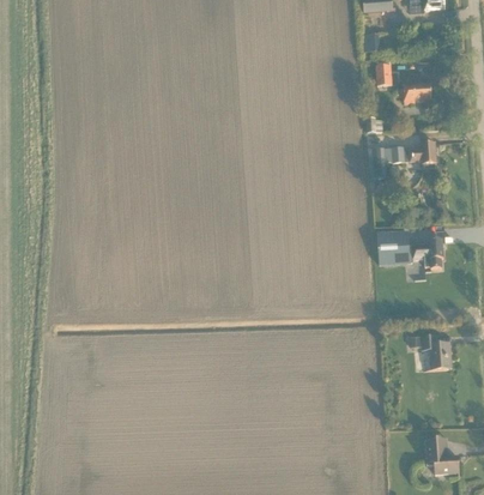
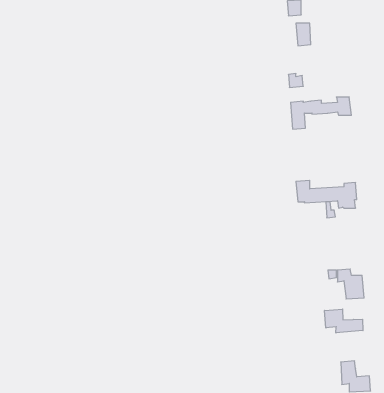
building: [397,82,431,103] -> none
building: none -> [325,309,363,333]

